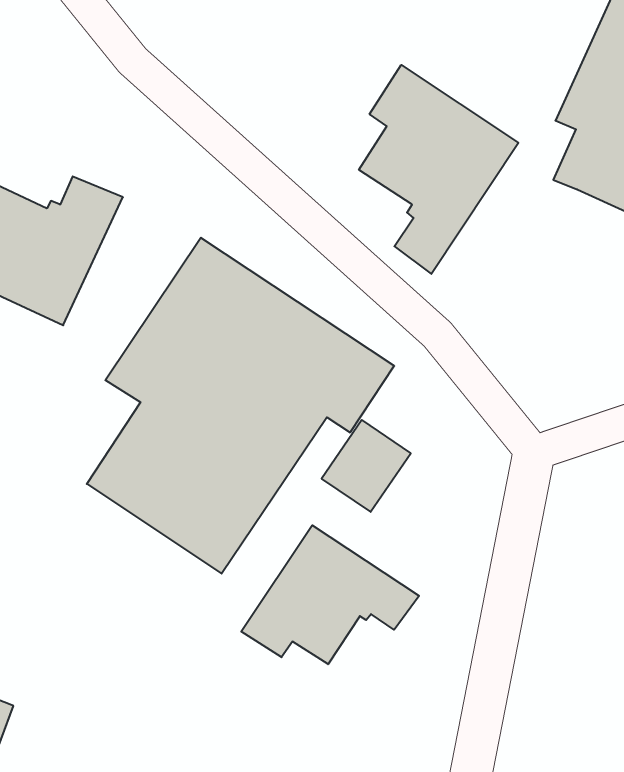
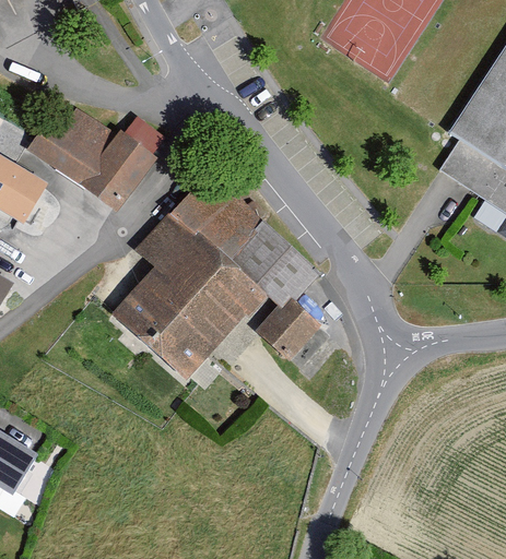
building: [359,65,518,274] -> none
building: [241,525,419,664] -> none

